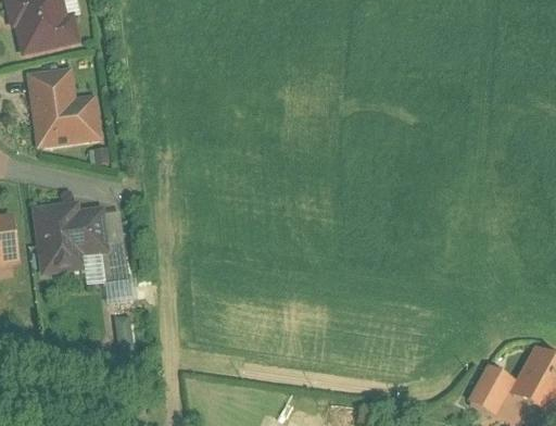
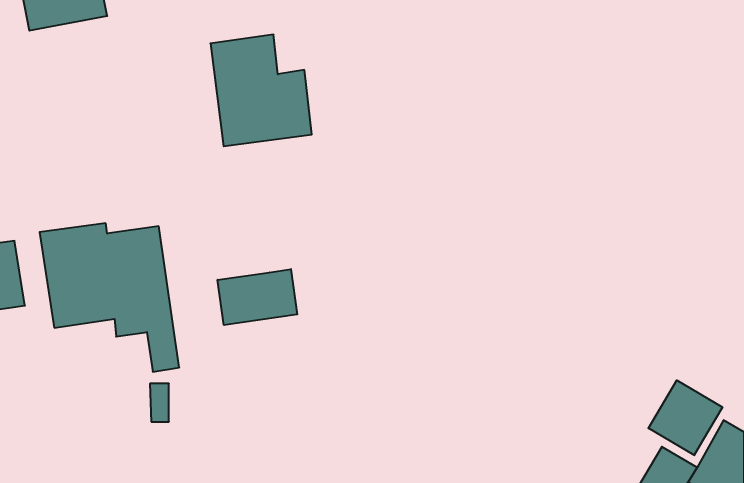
building: [26,65,101,148] -> [210,35,312,146]
building: none -> [218,269,297,325]
building: none -> [648,380,722,455]

